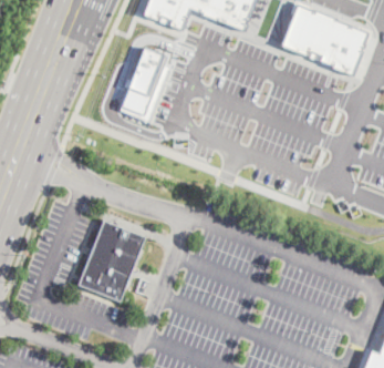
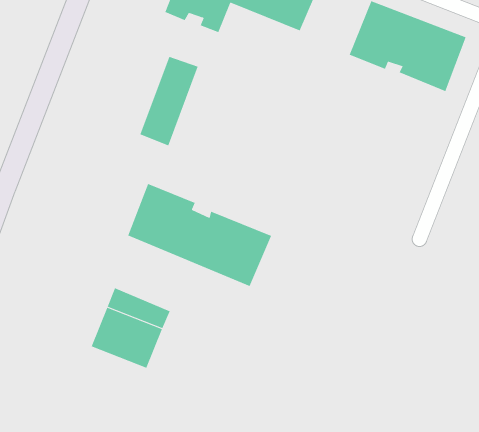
building: none -> [128,183,272,287]
building: [77,266,127,303] -> none

